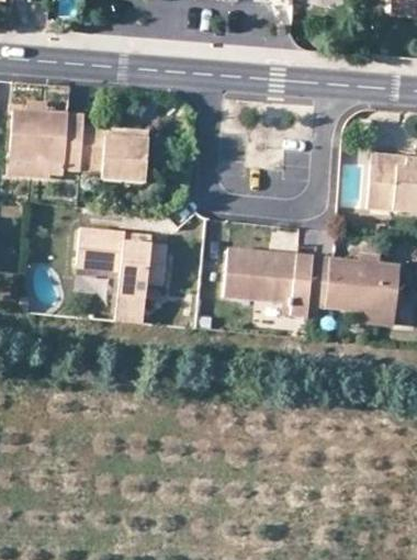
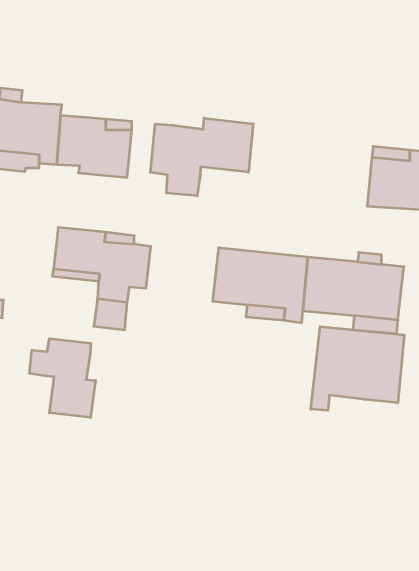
building: none -> [150,118,253,196]
building: none -> [311,327,404,410]
building: none -> [29,339,96,418]

